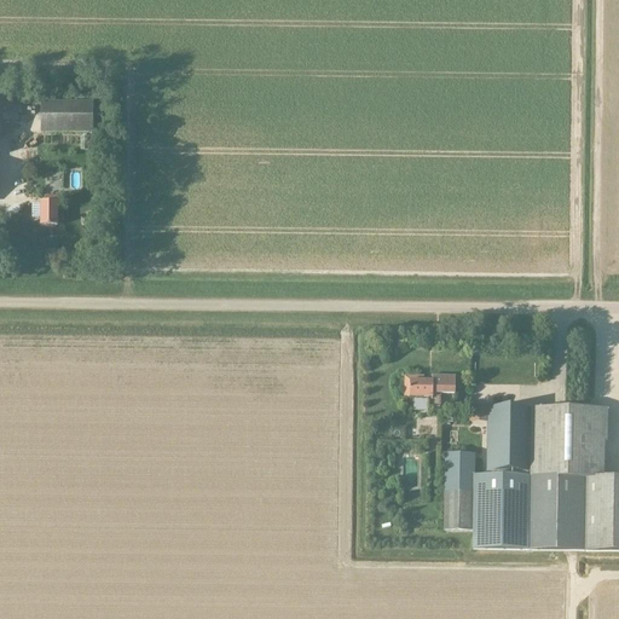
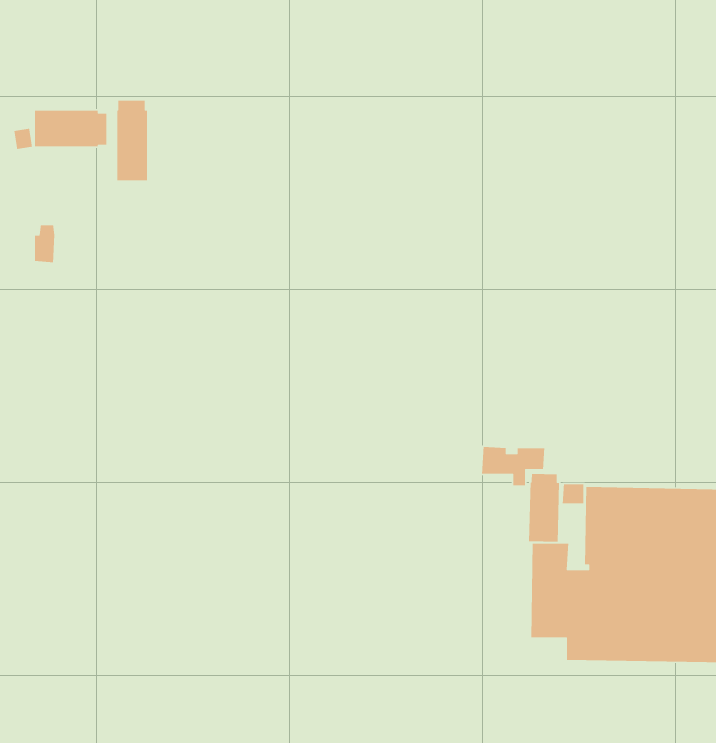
building: none -> [116,100,148,181]
building: none -> [528,473,560,542]

